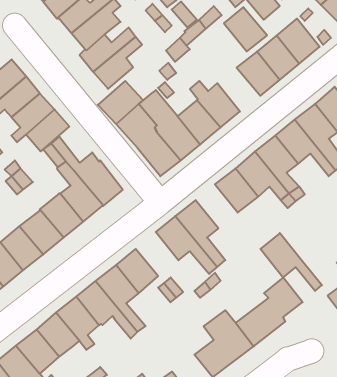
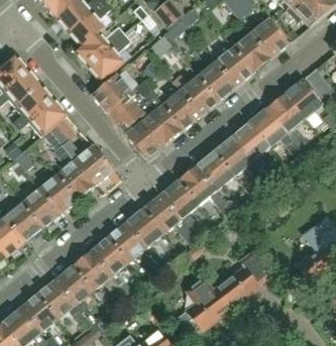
building: [224,7,267,51] -> [198,61,236,100]
building: none -> [125,207,163,246]
building: [260,233,322,291] -> [179,164,233,216]

